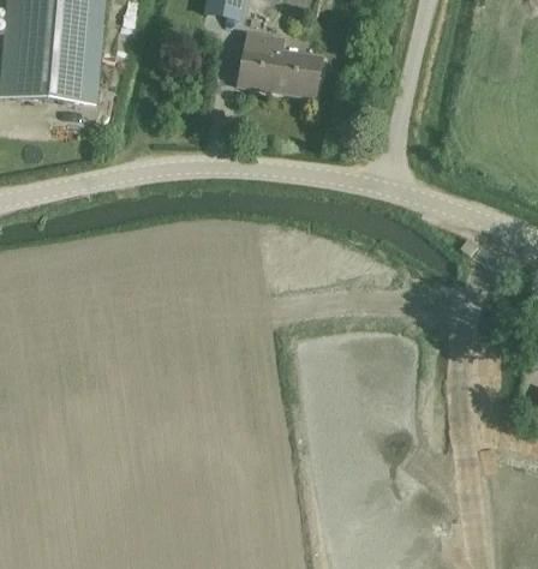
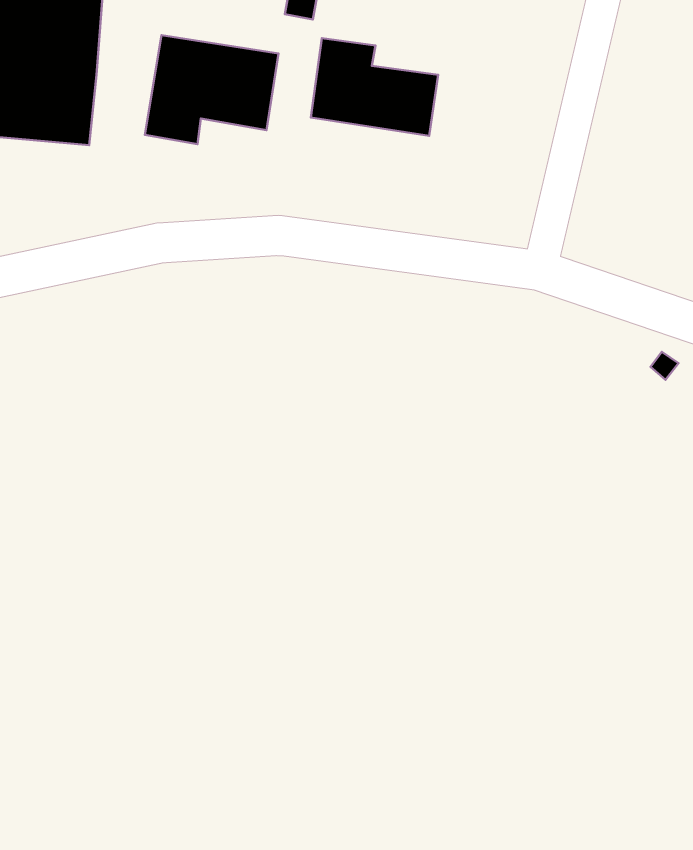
building: none -> [145,35,279,144]

